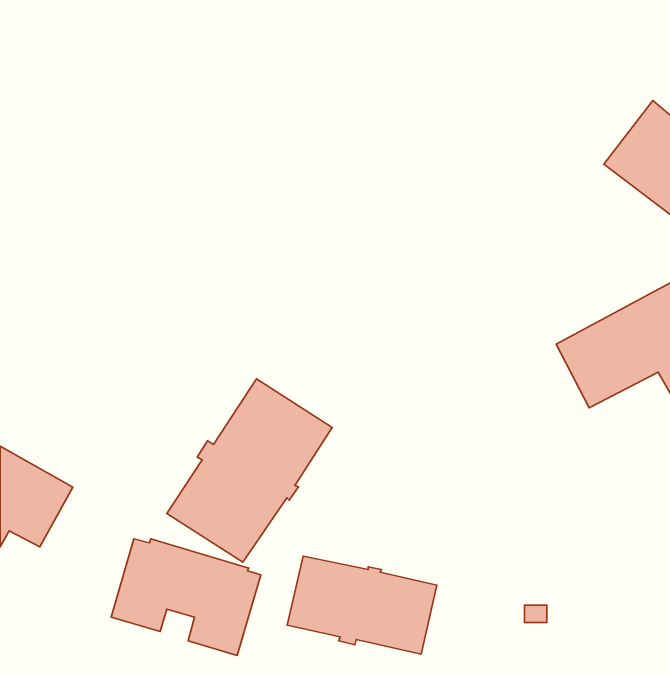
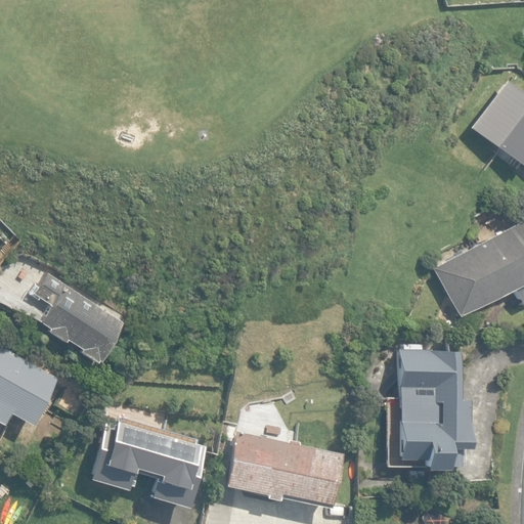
building: none -> [34,275,125,362]
building: [167,379,332,562] -> none
building: none -> [388,350,469,468]

